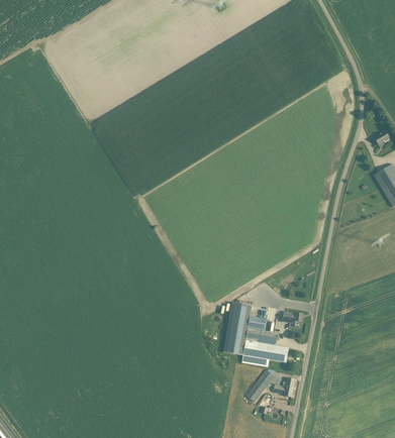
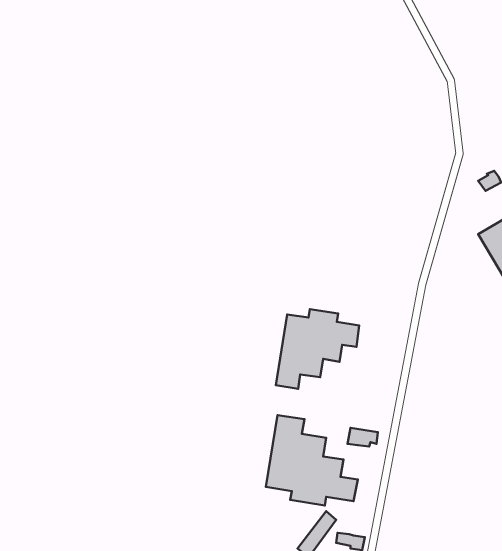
building: none -> [276,309,359,389]

